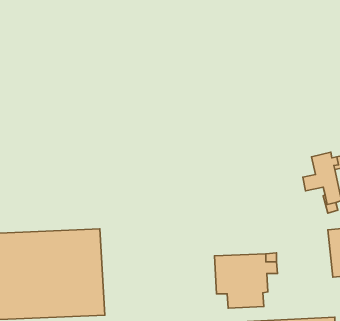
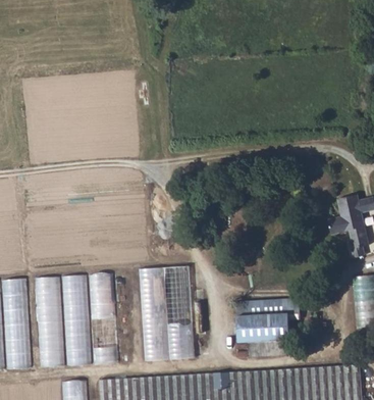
building: none -> [139,261,195,360]

